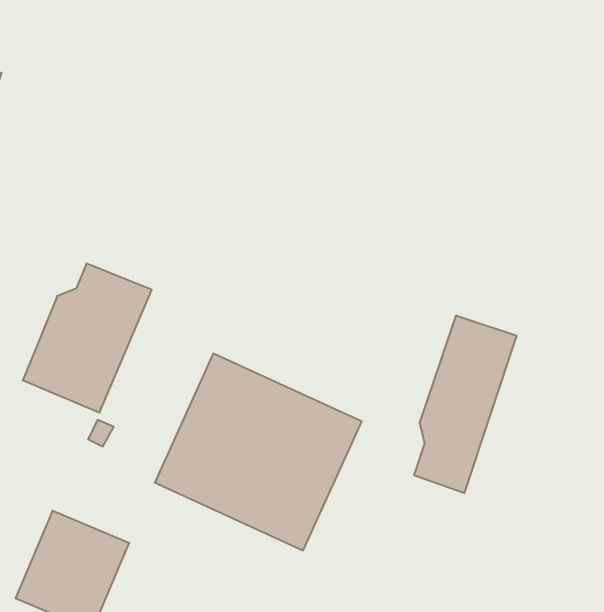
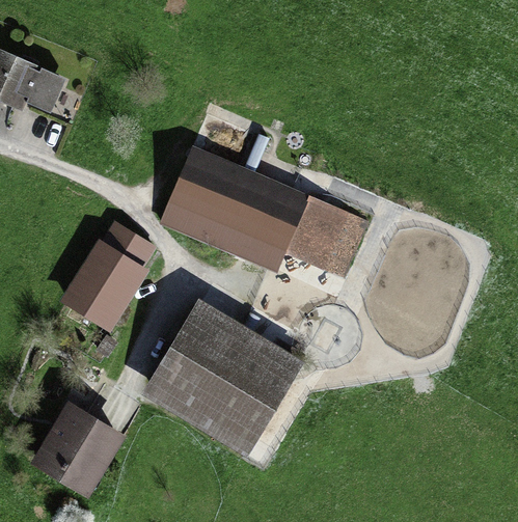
building: none -> [156,149,369,283]
building: [414,315,516,493] -> none

